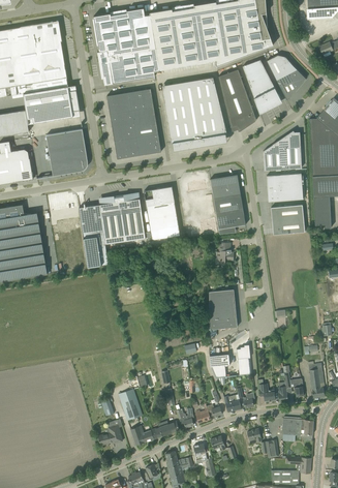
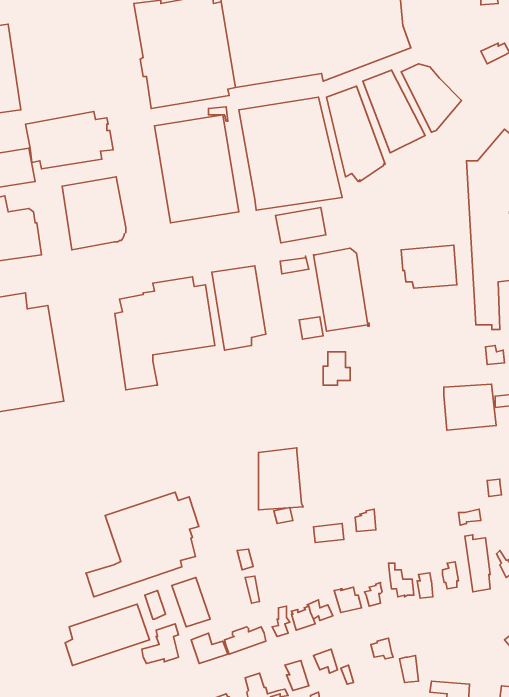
building: [11,21,67,85] -> none
building: [263,130,301,171] -> none
building: none -> [276,207,326,243]
building: [271,205,305,235] -> [444,384,496,430]
building: [209,288,238,329] -> [259,448,303,510]
building: none -> [86,492,199,597]
building: none -> [65,604,150,666]
building: [281,418,313,435] -> none

